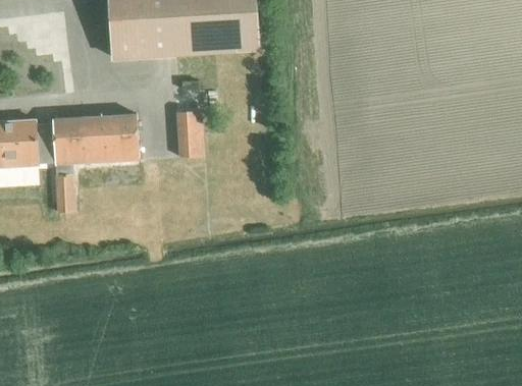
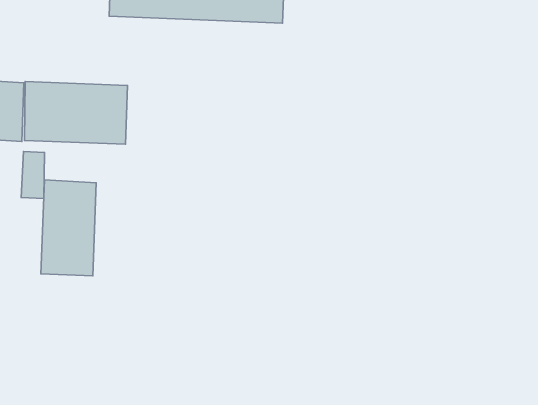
building: [175,111,204,157] -> none
building: none -> [41,180,96,276]

